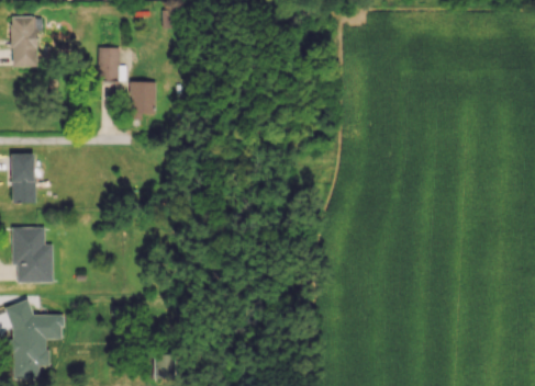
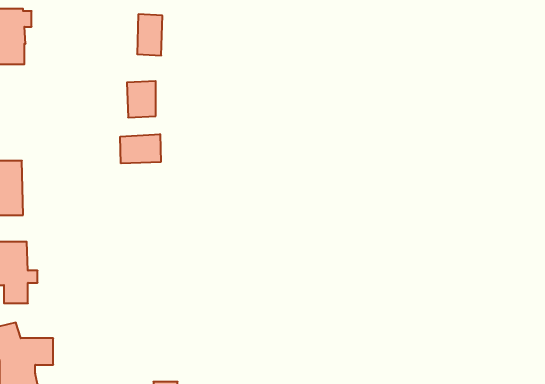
building: [97,46,120,83] -> [137,14,162,55]
building: none -> [120,134,161,163]

